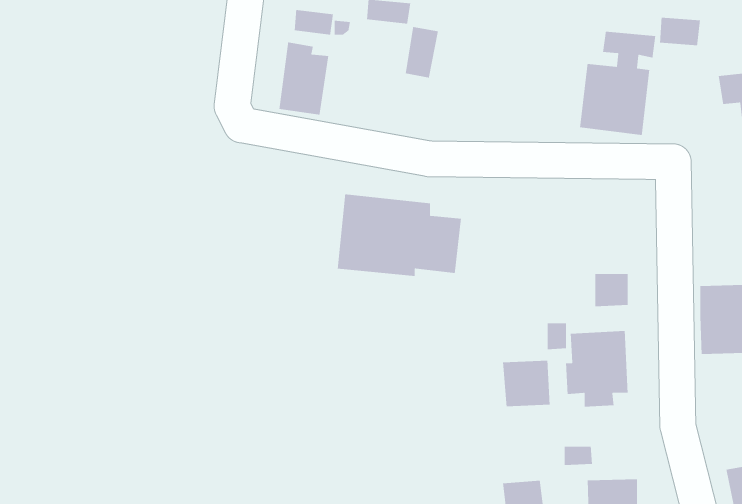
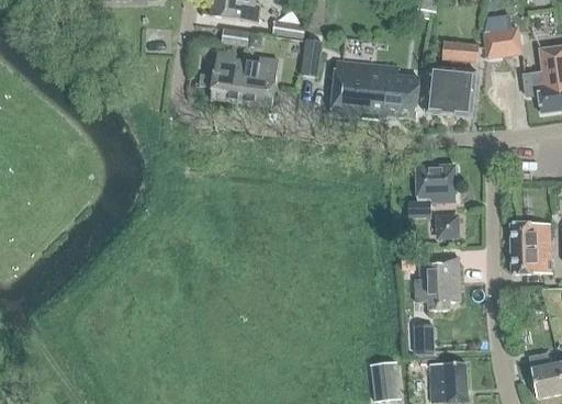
building: none -> [240,55,279,106]
building: [337,193,462,277] -> [330,59,419,119]
building: none -> [407,164,457,216]
building: [502,360,551,407] -> none

